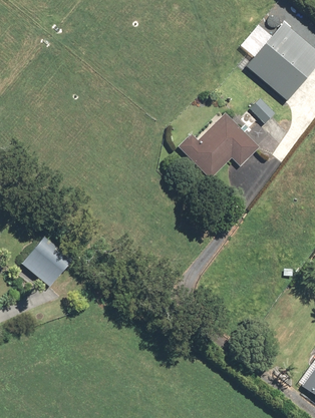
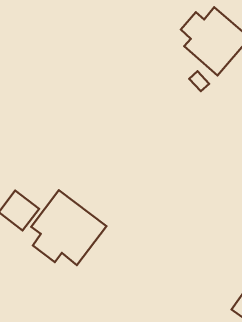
building: [179,112,259,177] -> none
building: none -> [31,190,106,265]

